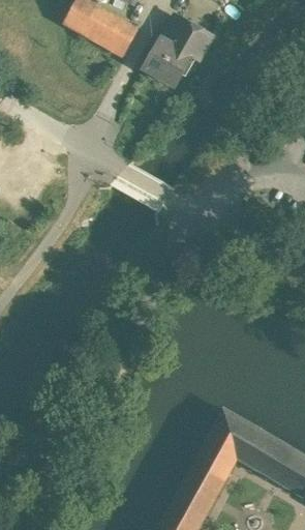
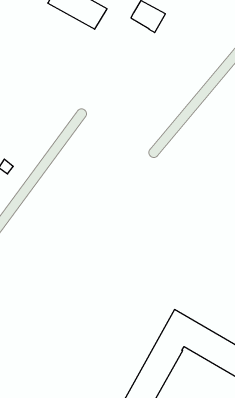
building: [143,39,190,87] -> none

